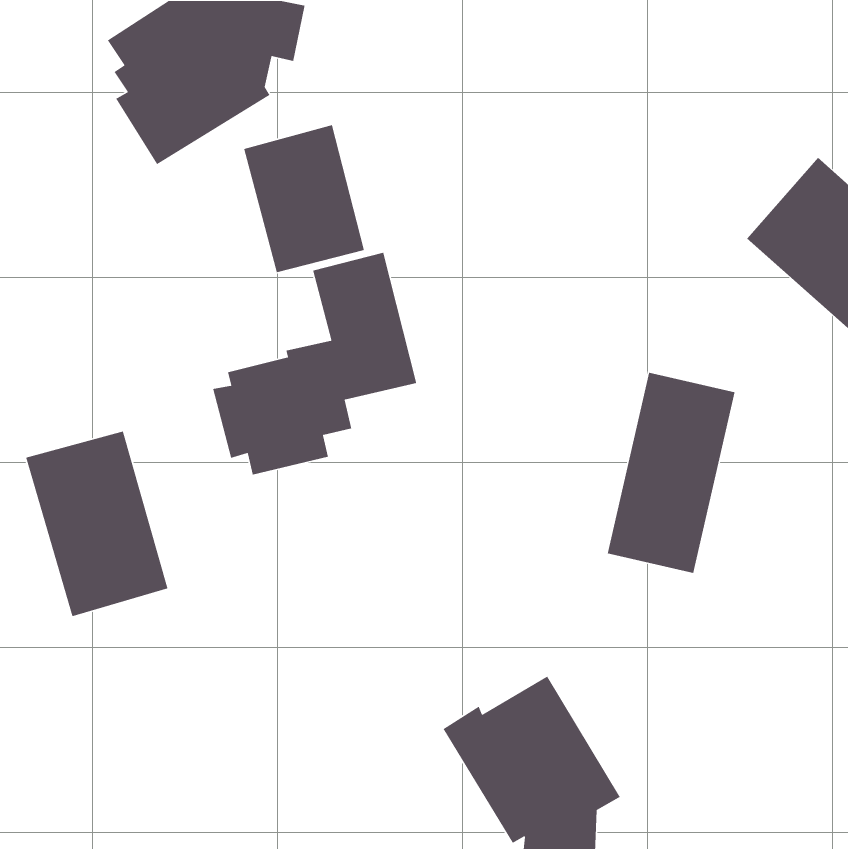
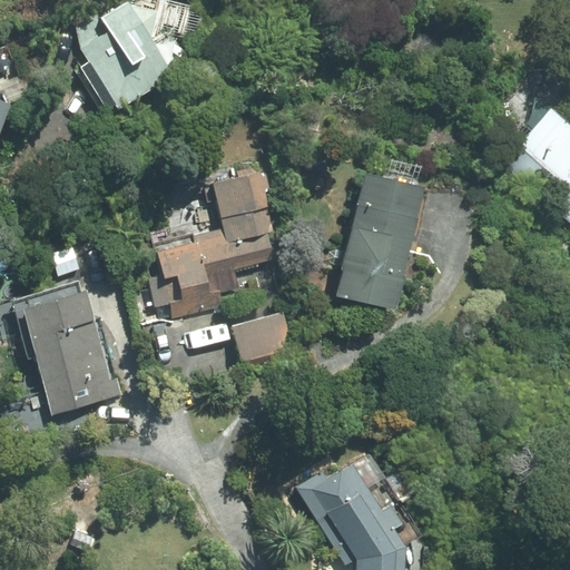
building: [243,124,365,273] -> none
building: [607,372,735,574] -> [335,173,421,307]
building: none -> [234,313,294,361]

